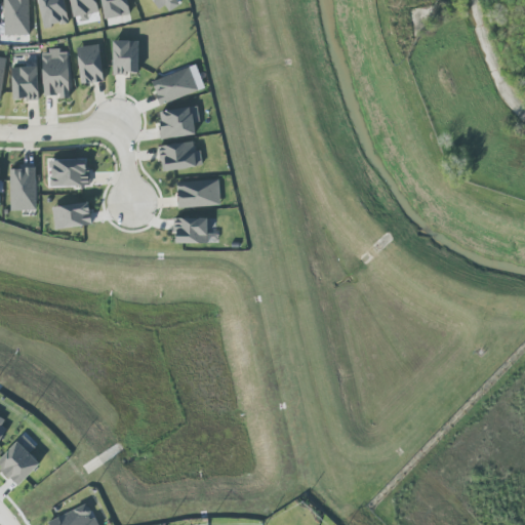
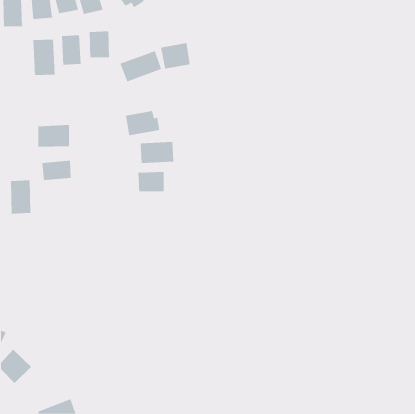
building: [12,65,39,98] -> none
building: [158,105,196,138] -> [160,42,190,69]
building: [10,166,37,209] -> [10,180,31,214]

